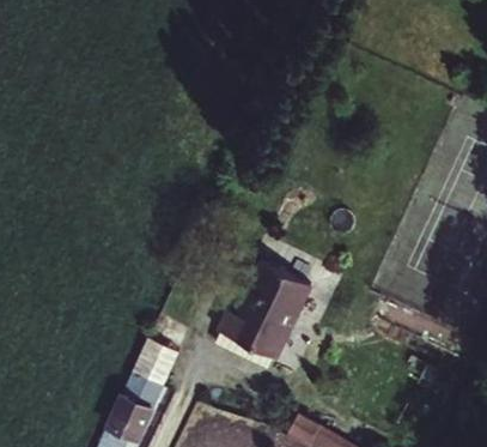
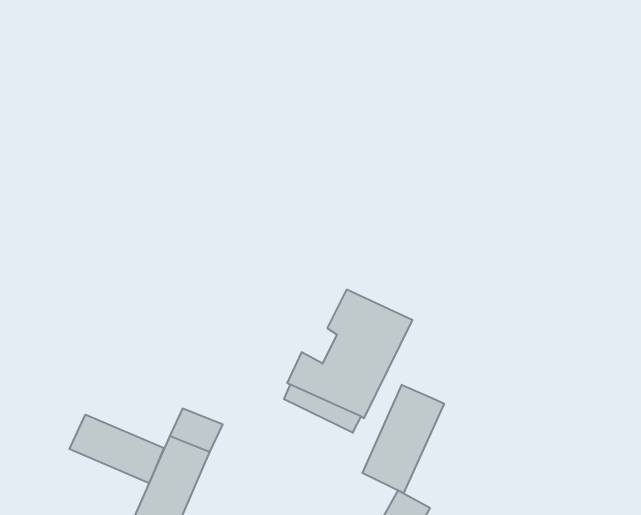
building: none -> [362,385,444,493]
building: none -> [69,415,164,483]

